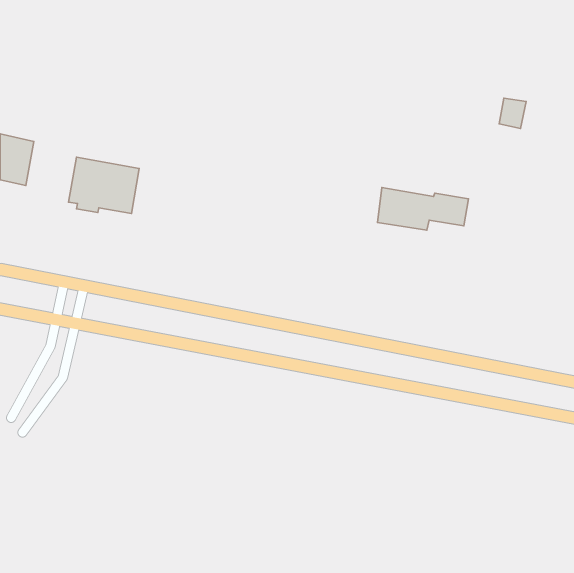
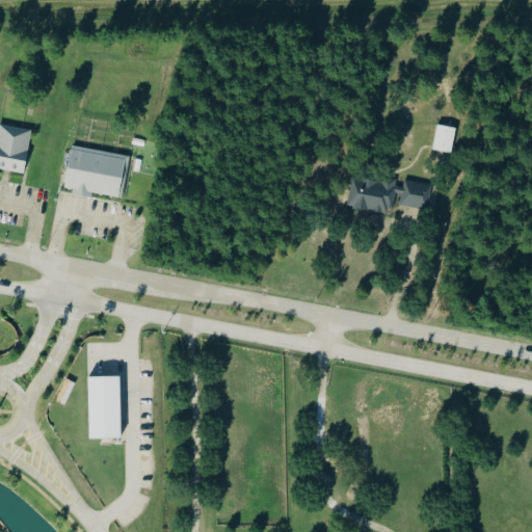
building: [499,98,526,128] -> [432,125,457,153]
building: none -> [87,375,119,438]

